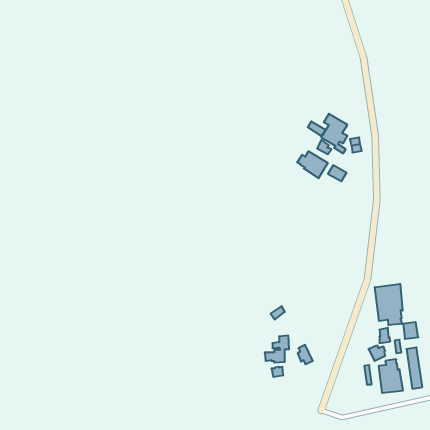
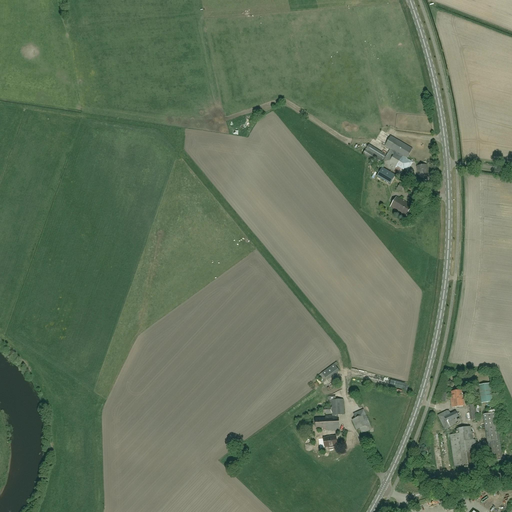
building: [297,151,328,178] -> none
building: [375,284,403,325] -> none

